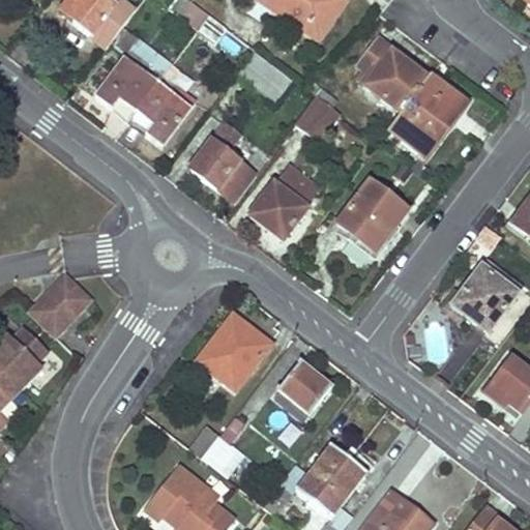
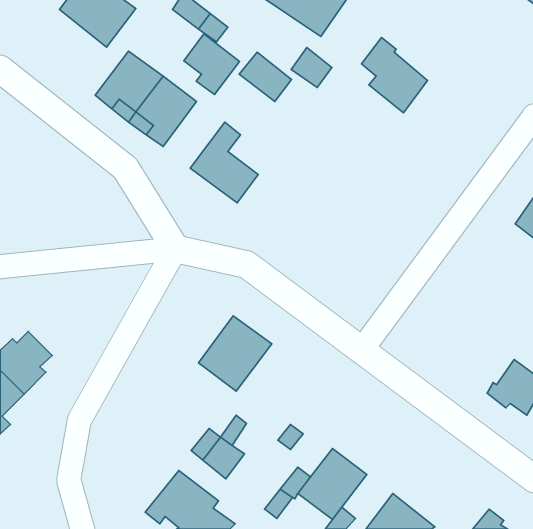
building: none -> [184,34,239,95]
building: [387,76,464,155] -> none
building: [299,93,340,132] -> [291,48,332,87]
building: [252,165,320,236] -> none
building: [337,180,406,251] -> none
building: [452,264,517,330] -> none
building: [34,275,94,335] -> none
building: [278,361,330,411] -> none

